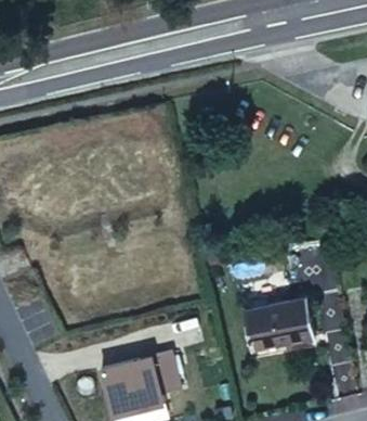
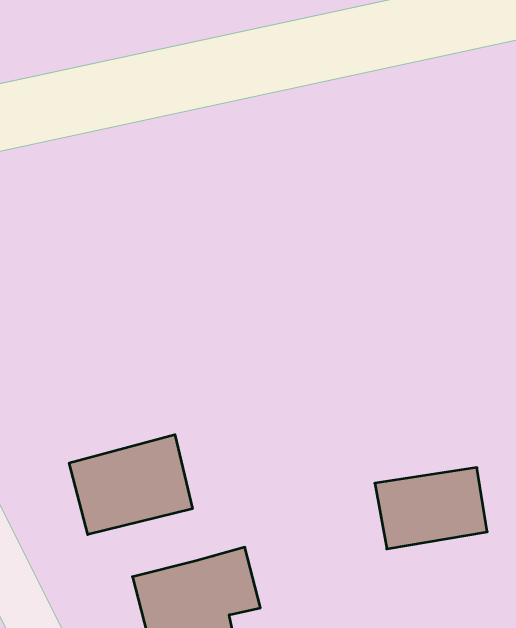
building: none -> [69,435,192,535]

